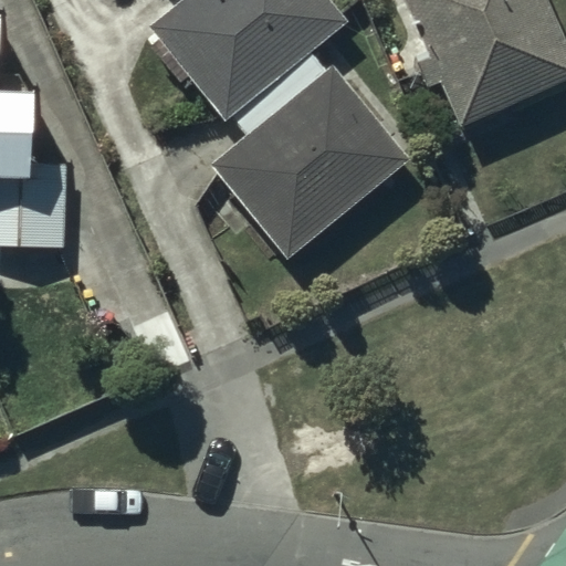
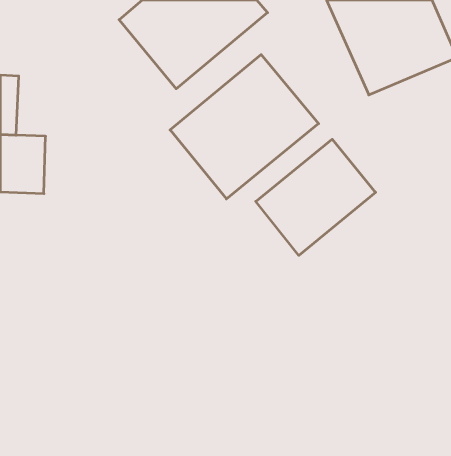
building: none -> [256,139,376,255]

